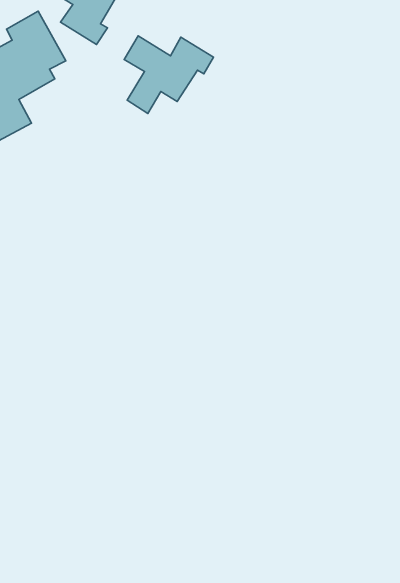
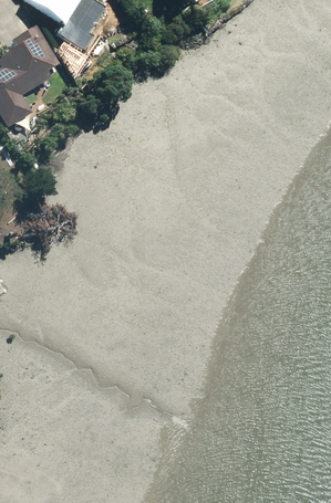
building: [124,36,213,113] -> none

